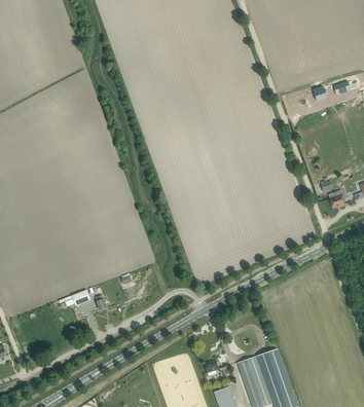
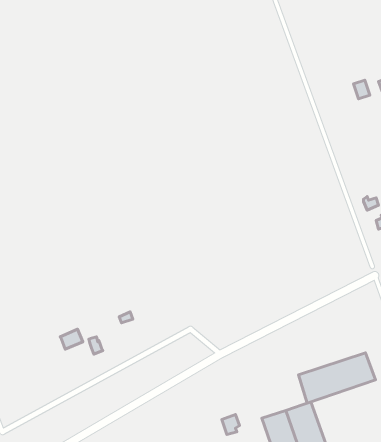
building: none -> [298,353,375,403]

